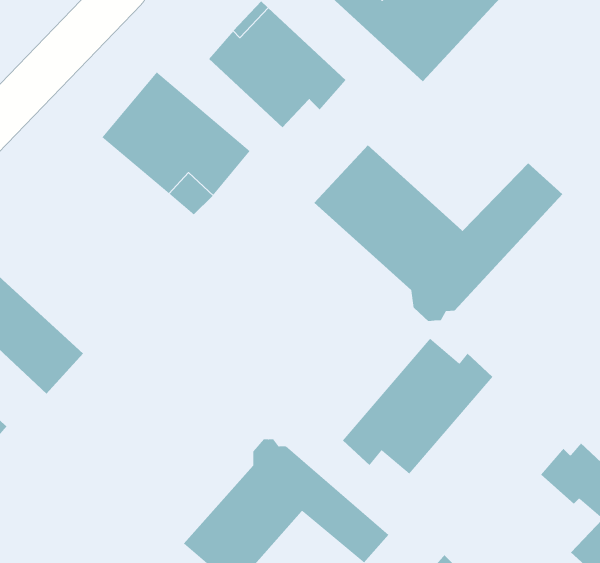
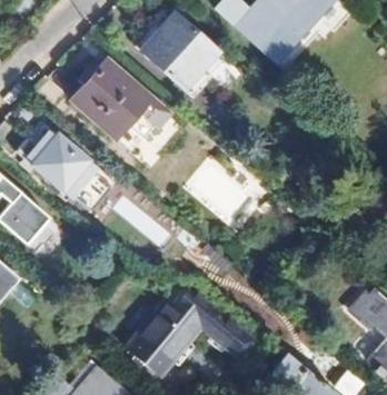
building: [314,144,563,322] -> none
building: none -> [31,131,97,196]
building: [342,338,493,474] -> none

